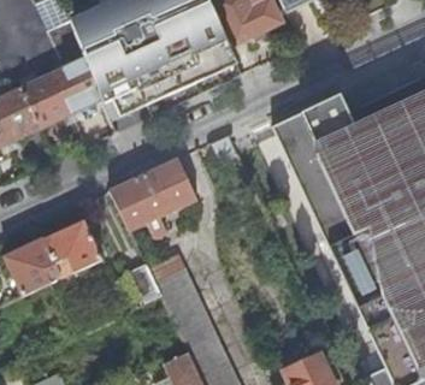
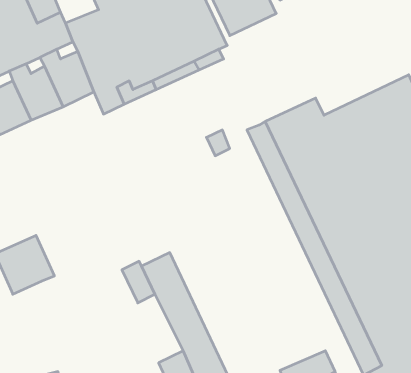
building: [110,158,196,238] -> none
building: [45,218,102,277] -> none

